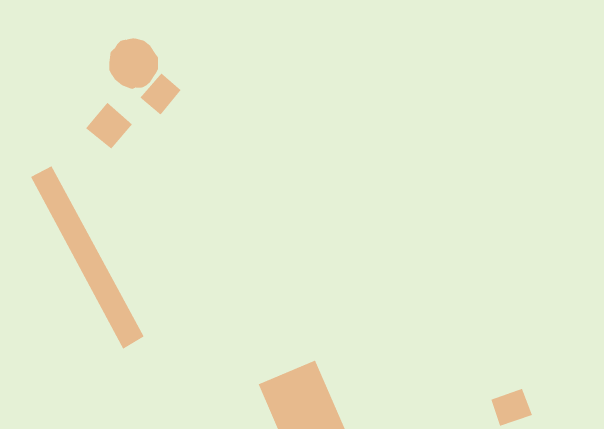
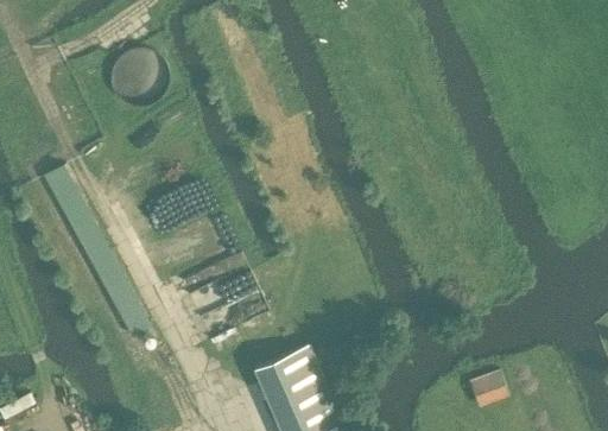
building: [139,72,182,115] -> none
building: [85,102,133,150] -> none

